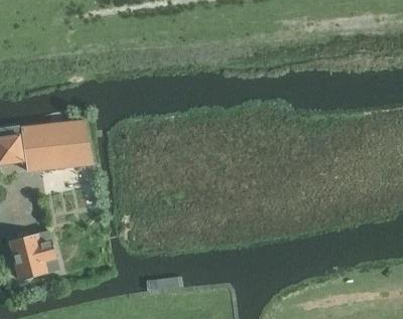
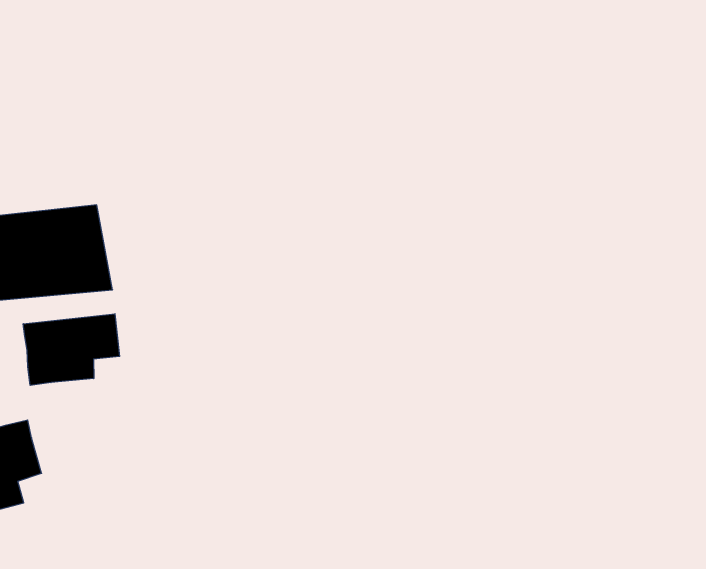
building: none -> [23,314,120,385]

